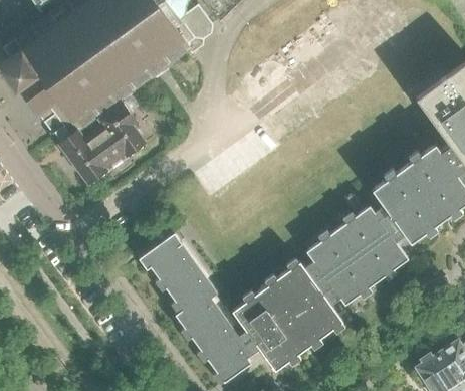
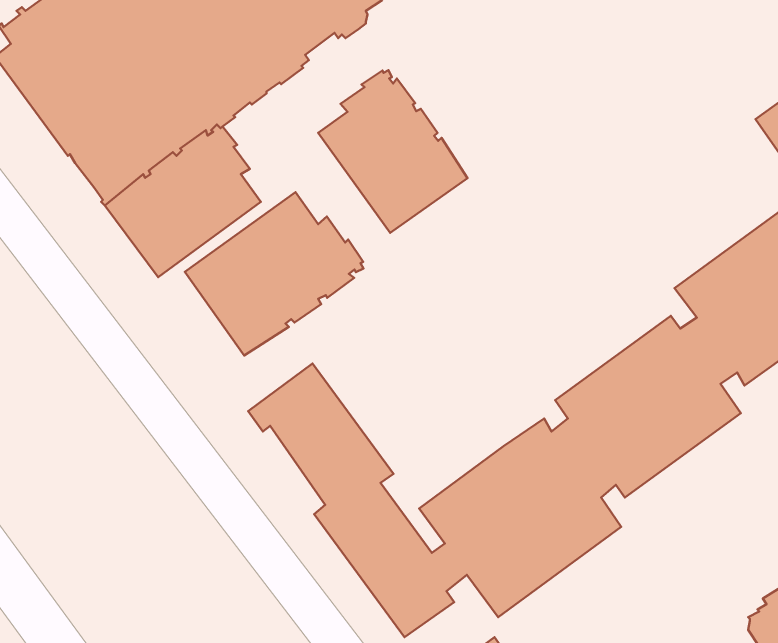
building: none -> [318,70,467,233]
building: none -> [185,192,363,355]

